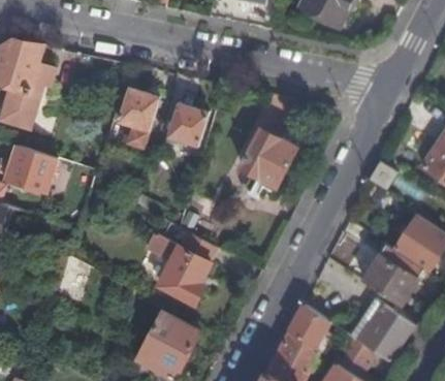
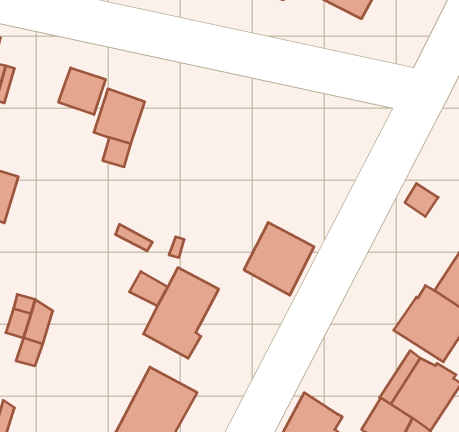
building: none -> [59,68,105,115]
building: [167,102,208,146] -> none
building: [240,128,296,187] -> [244,222,314,295]
building: [288,305,336,349] -> none

